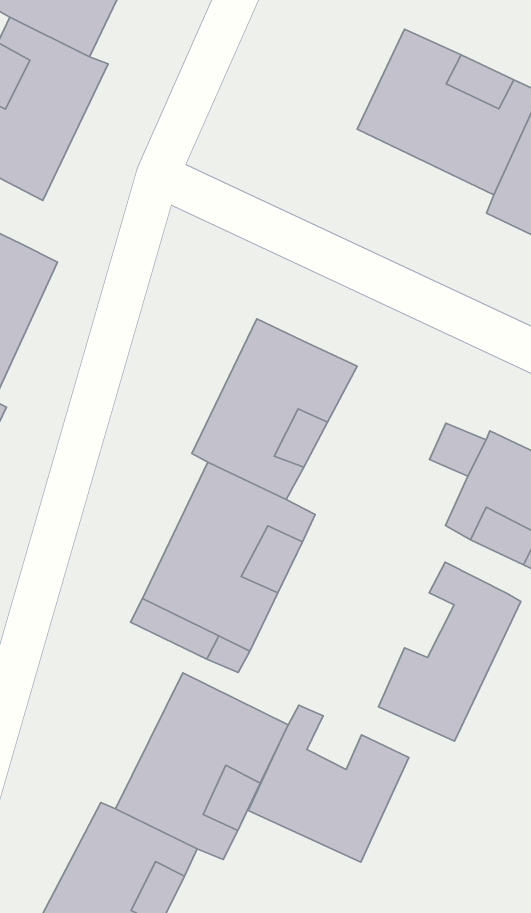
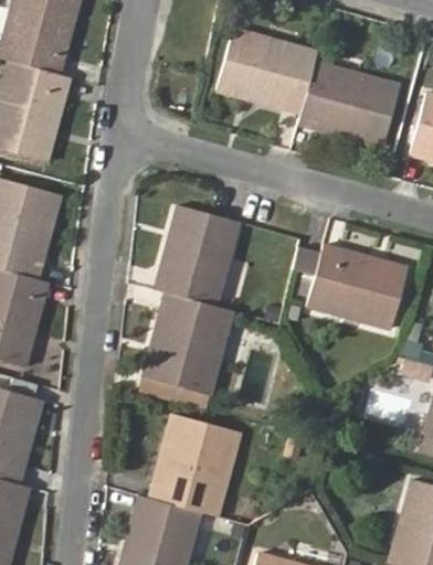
building: [379,562,521,741] -> none
building: [248,705,409,862] -> none

